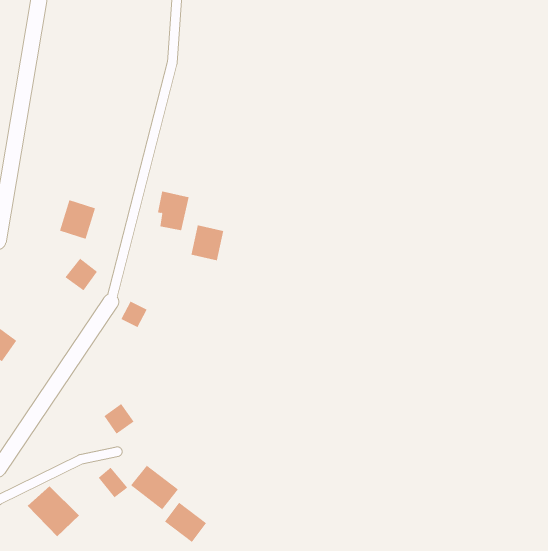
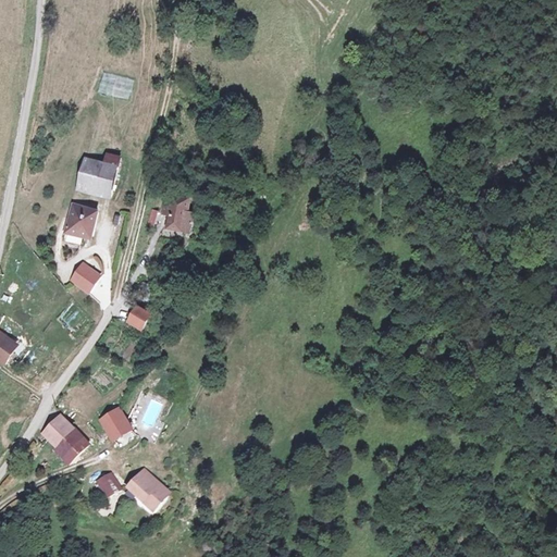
building: none -> [72,152,119,199]
building: [191,224,224,261] -> none
building: [27,485,80,537] -> [41,414,95,467]
building: [164,502,207,543] -> none

